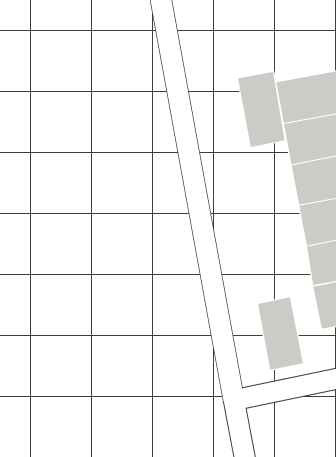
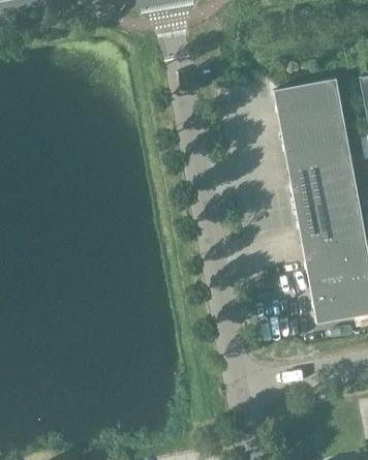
building: [238,71,285,148] -> none
building: [258,296,304,370] -> none

